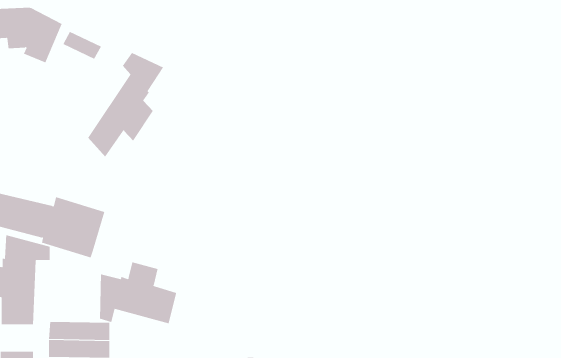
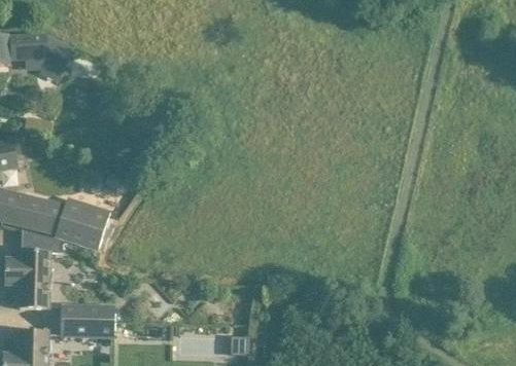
building: [88,52,164,158] -> none
building: [100,262,177,324] -> none

